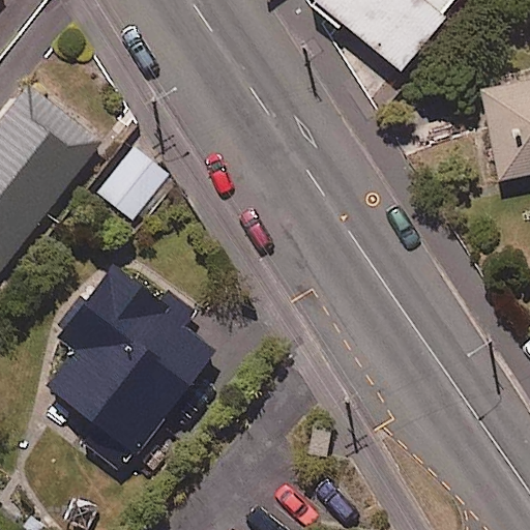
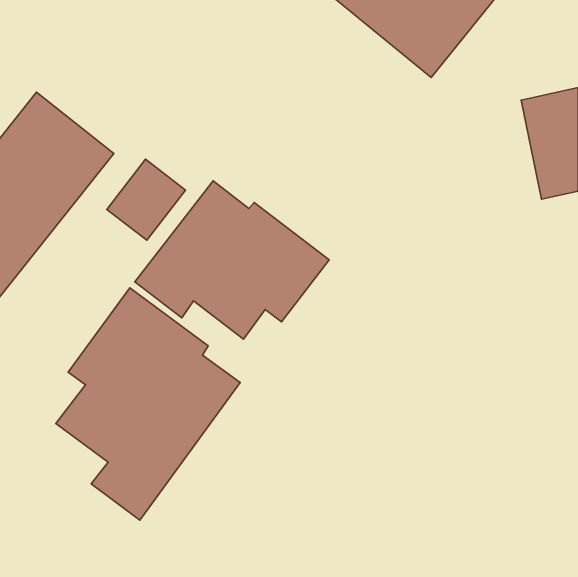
building: none -> [135,181,329,339]

